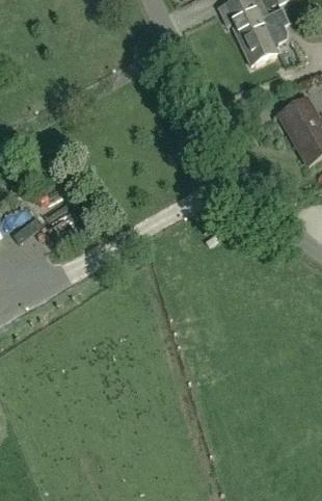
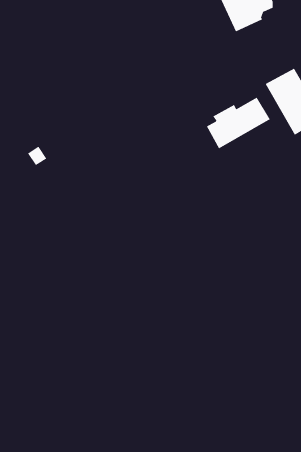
building: none -> [206,97,271,149]

